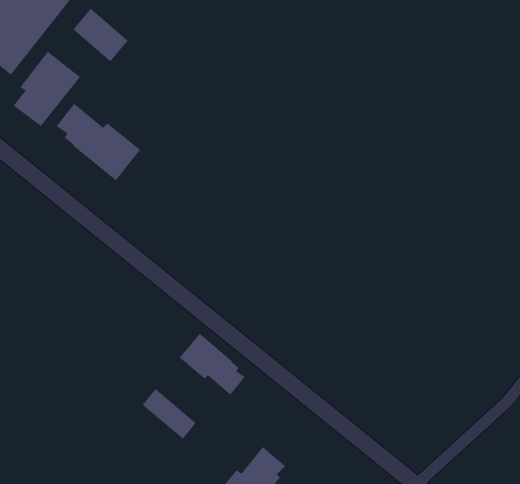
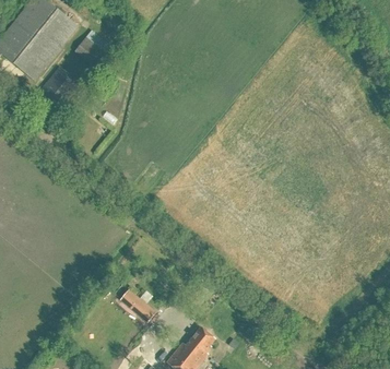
building: [56,103,141,181] -> none
building: [179,333,246,395] -> none

